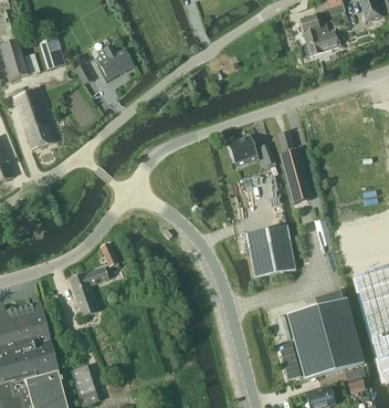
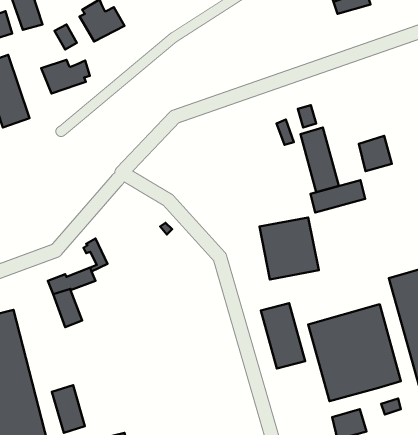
building: none -> [41,60,90,93]
building: [227,134,256,161] -> none
building: none -> [359,136,392,171]
building: none -> [310,180,365,213]
building: none -> [261,303,305,369]

